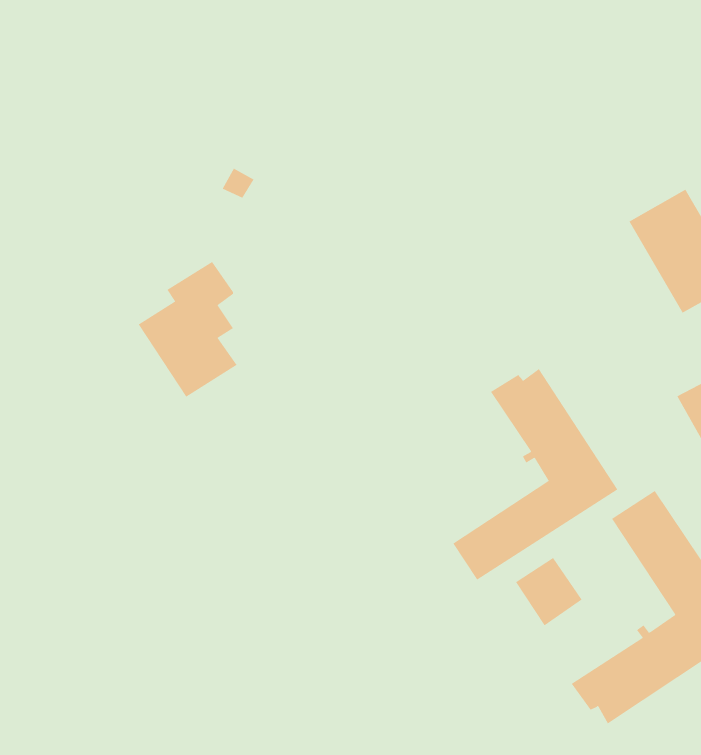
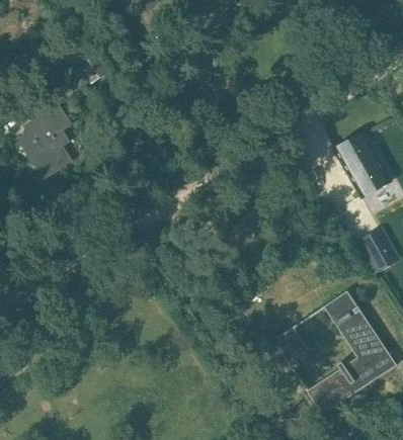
building: [138,261,238,397] -> [18,104,71,176]
building: [452,368,618,580] -> none

